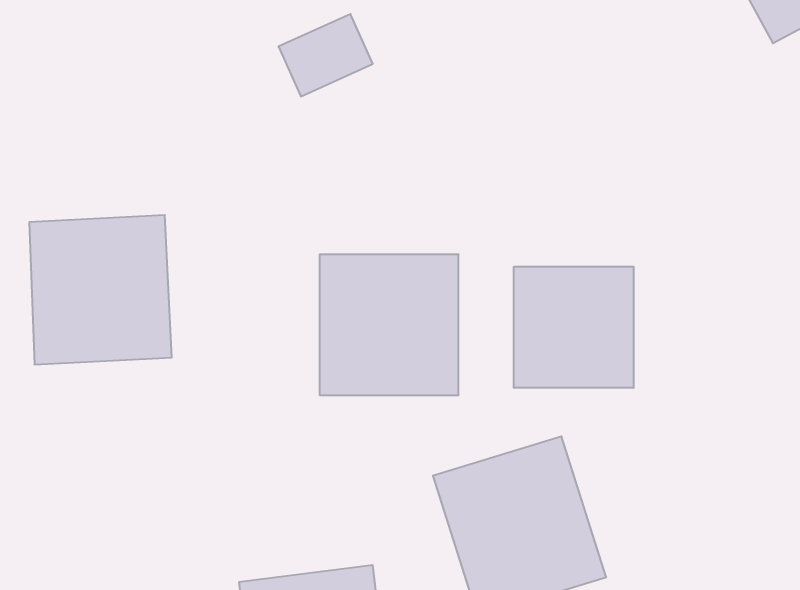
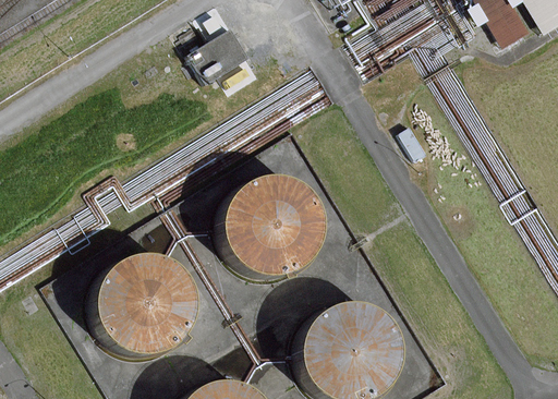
building: [29,215,172,364] -> [96,256,186,351]
building: [514,267,634,388] -> none

